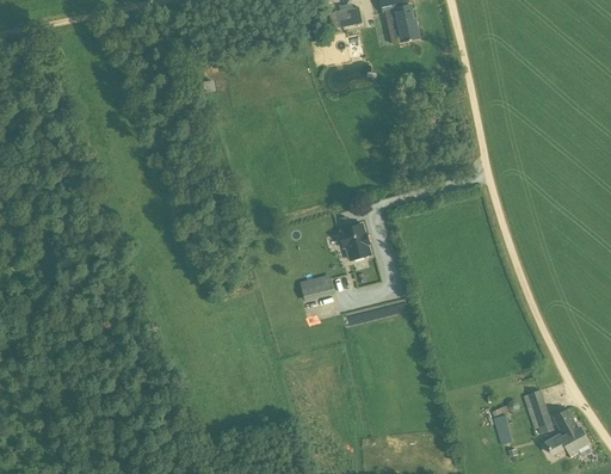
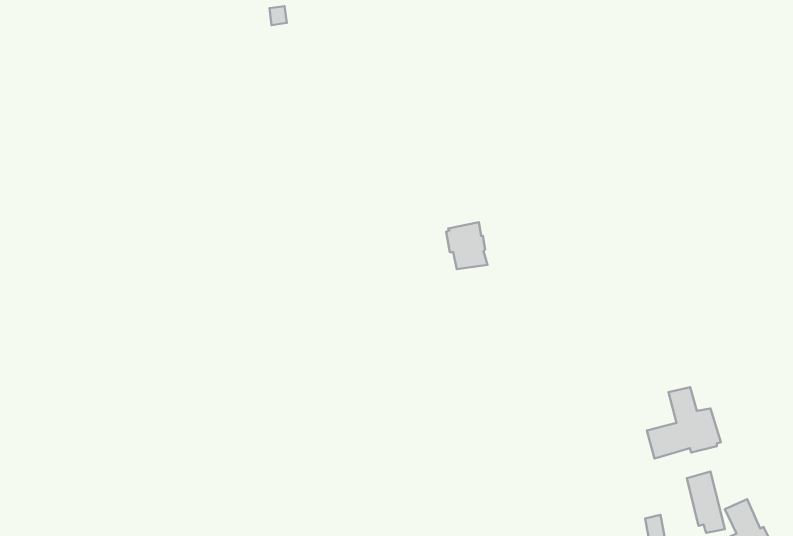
building: [300,273,333,300] -> none
building: none -> [647,387,721,459]

